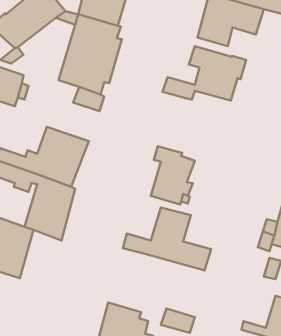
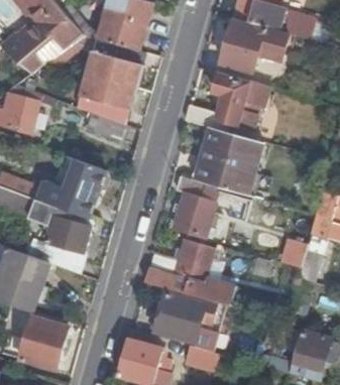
building: none -> [193,126,262,196]
building: none -> [154,287,224,347]
building: none -> [20,316,68,368]

